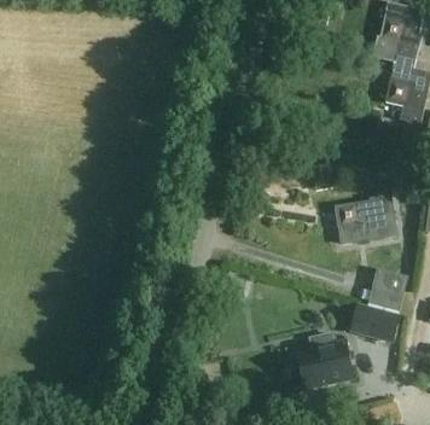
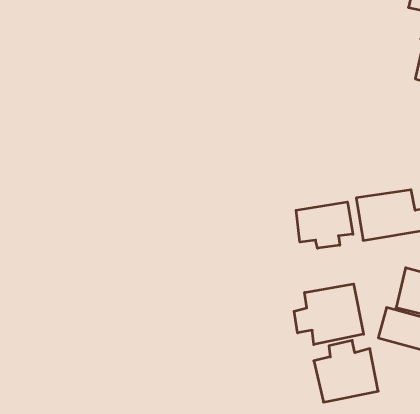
building: none -> [296,202,353,248]
building: none -> [294,284,364,345]

